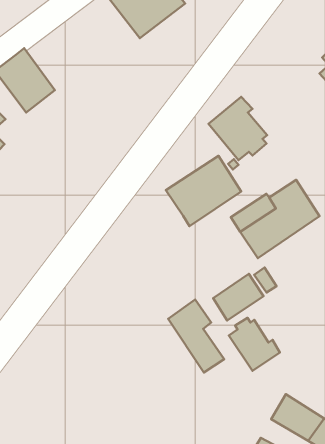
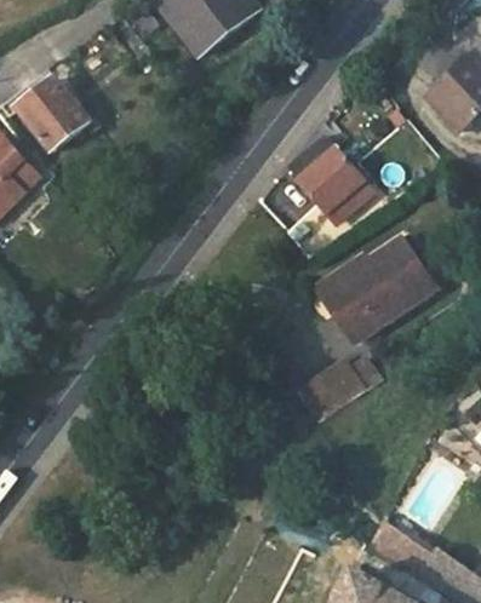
building: [166,156,241,226] -> none
building: [168,300,224,373] -> none
building: [229,318,280,371] -> none

